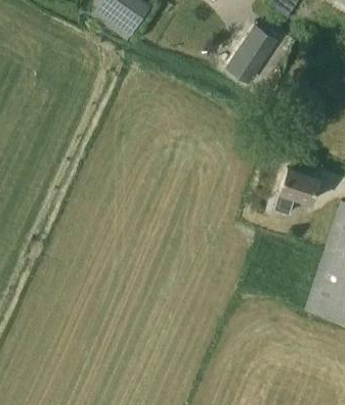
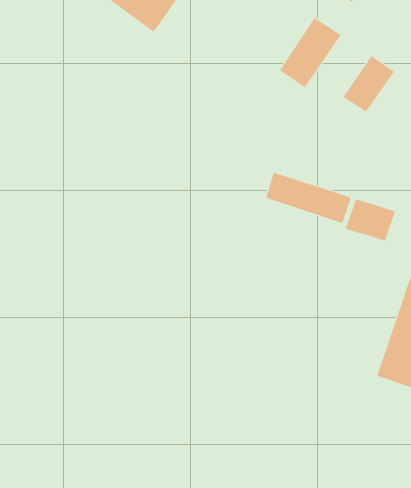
building: none -> [343,55,395,113]
building: none -> [266,172,352,224]

